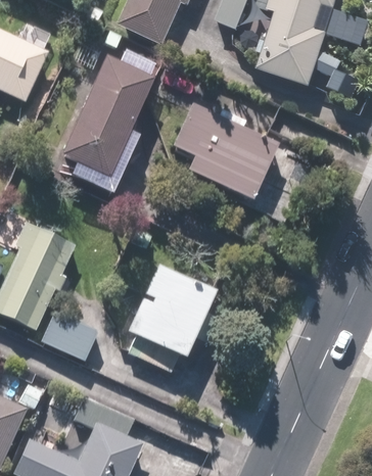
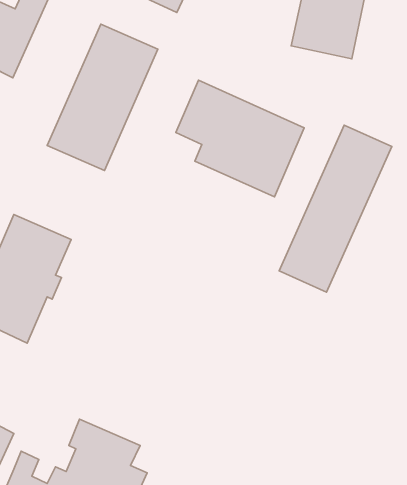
building: none -> [279,125,392,292]
building: [125,269,215,364] -> none
building: [39,307,104,366] -> none

